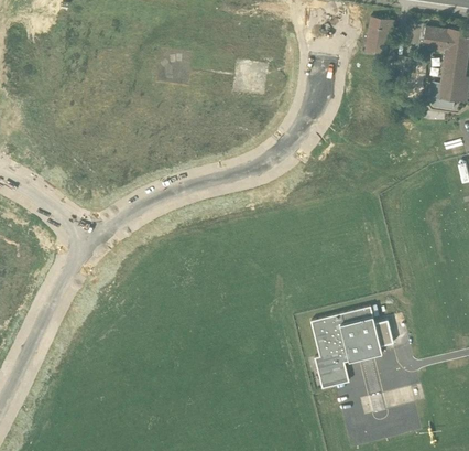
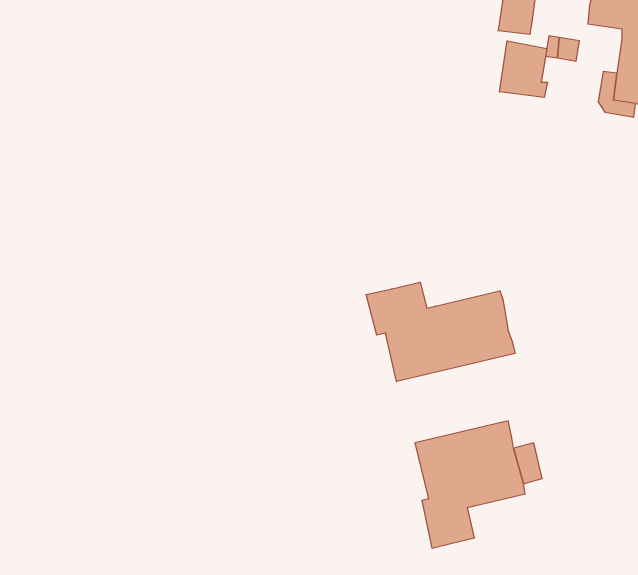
building: none -> [500,41,548,97]
building: none -> [366,282,515,382]

